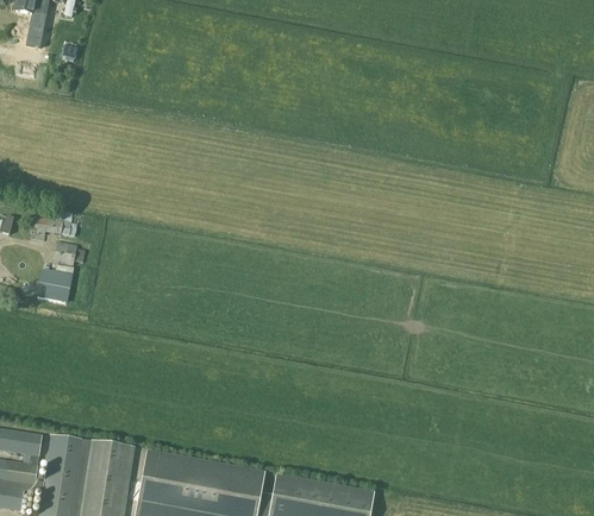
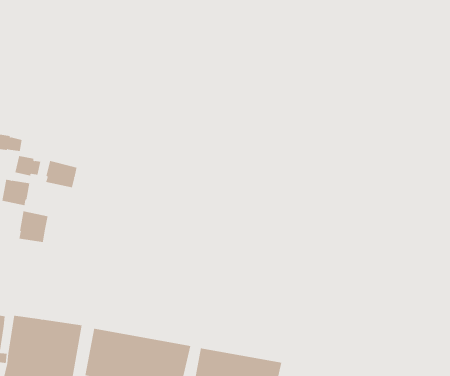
building: none -> [46,160,77,188]
building: none -> [19,211,48,243]

